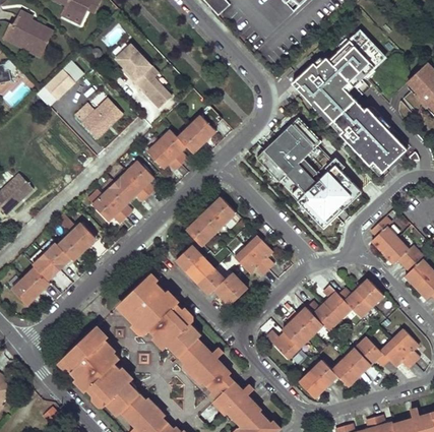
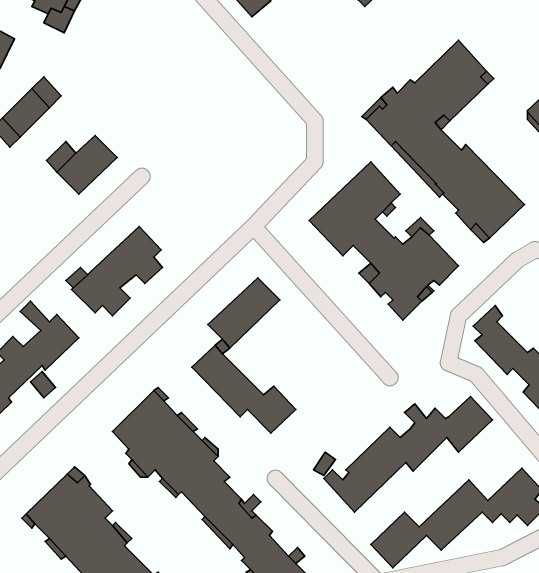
building: [115,45,171,108] -> none
building: [147,115,216,171] -> none
building: [234,235,273,275] -> none

